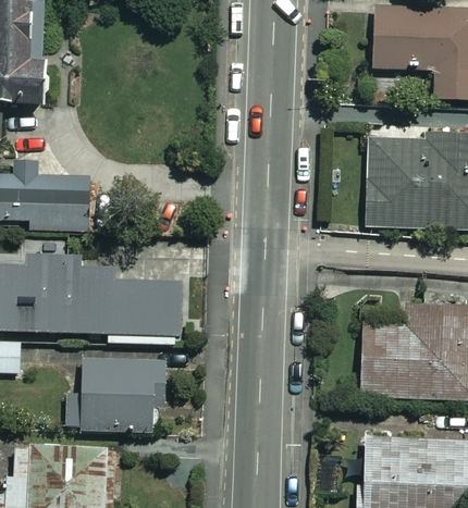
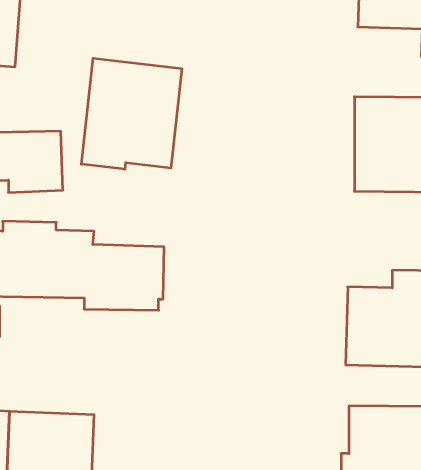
building: none -> [81,58,182,169]
building: [66,357,160,431] -> none

